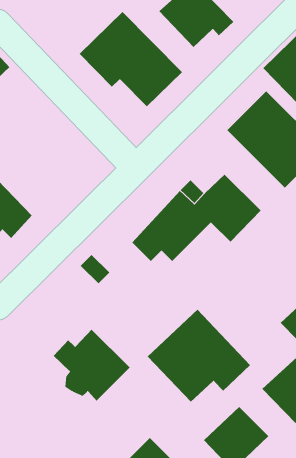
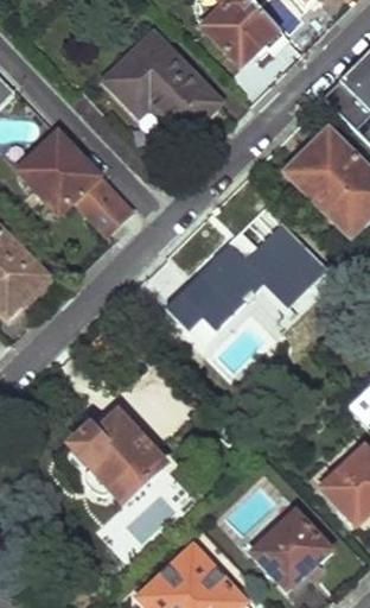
building: none -> [20,133,132,233]
building: [147,309,251,402] -> none

